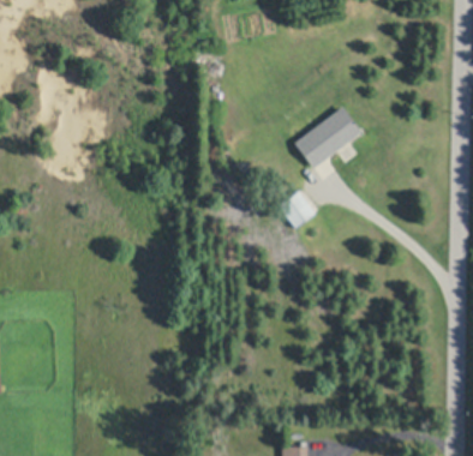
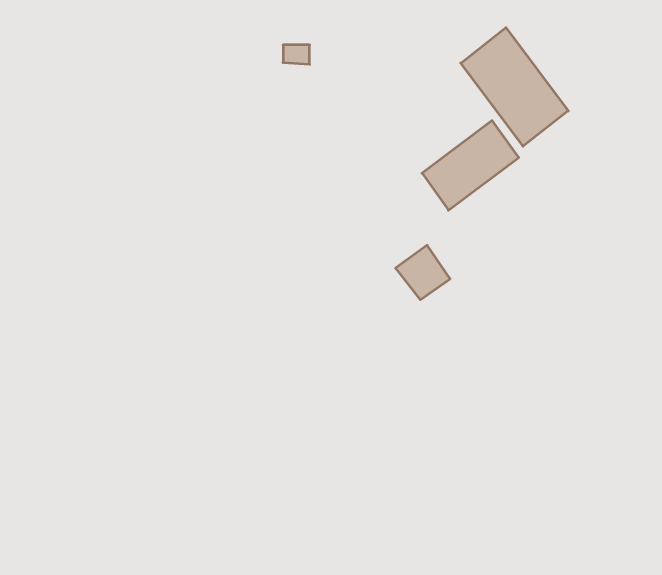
building: none -> [461,28,568,146]

